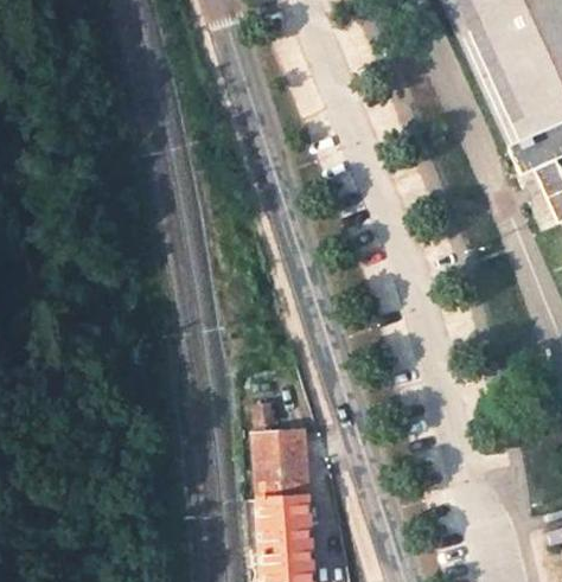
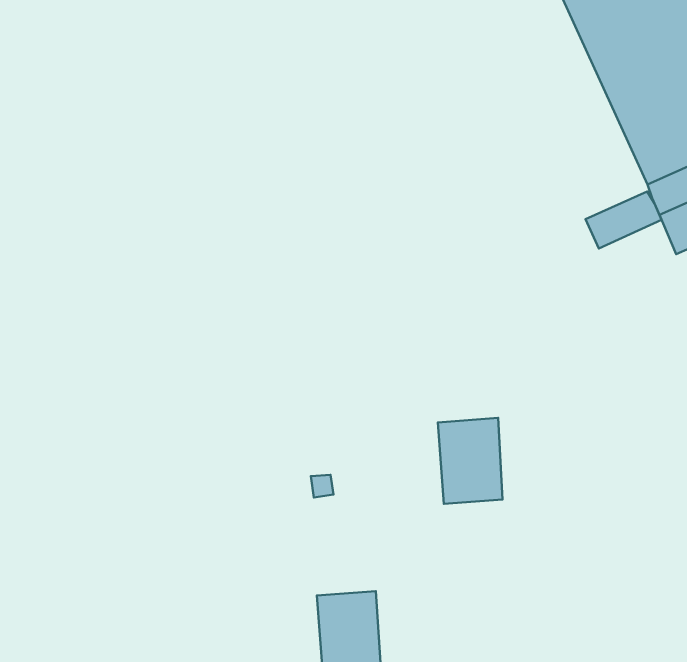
building: none -> [585,191,662,249]
building: [258,429,309,497] -> [438,418,503,504]

